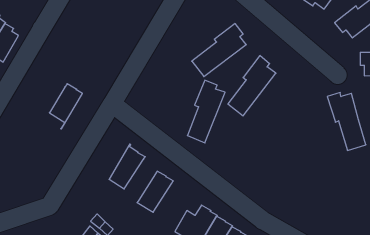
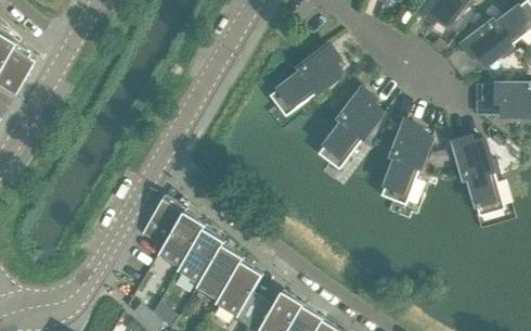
building: [187,80,225,143] -> [379,120,430,205]
building: [49,84,82,129] -> [140,194,184,255]
building: none -> [176,228,223,283]
building: none -> [213,260,261,326]

